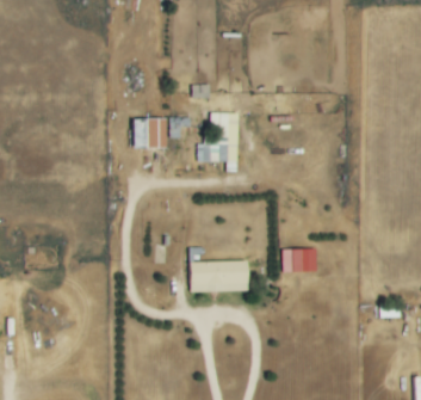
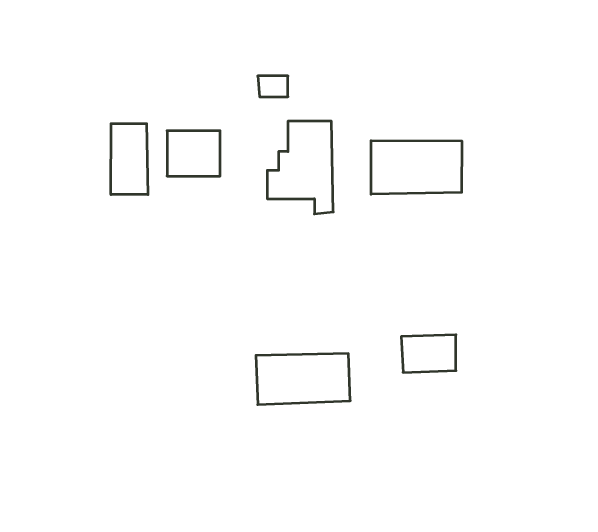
building: none -> [111,124,148,195]
building: none -> [371,141,462,194]

